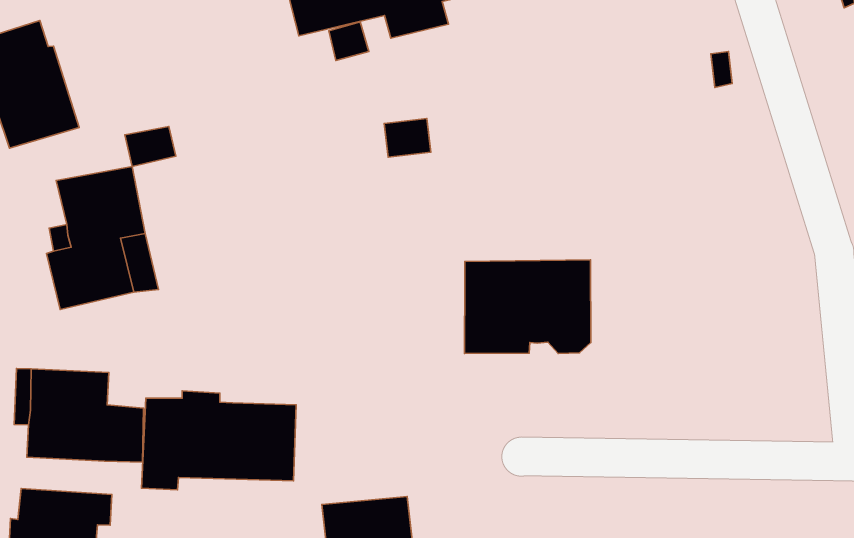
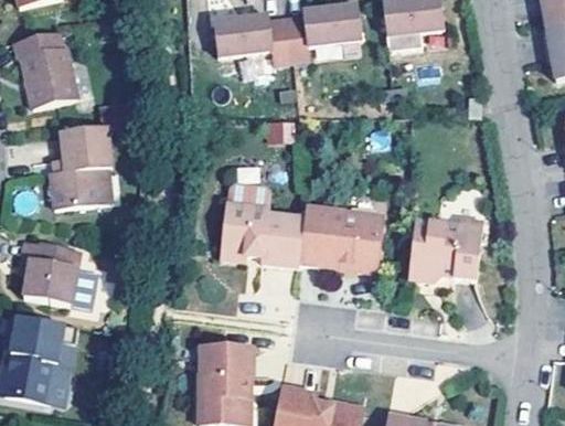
building: none -> [221,183,303,267]
building: none -> [407,220,481,281]
building: [142,391,296,490] -> none

